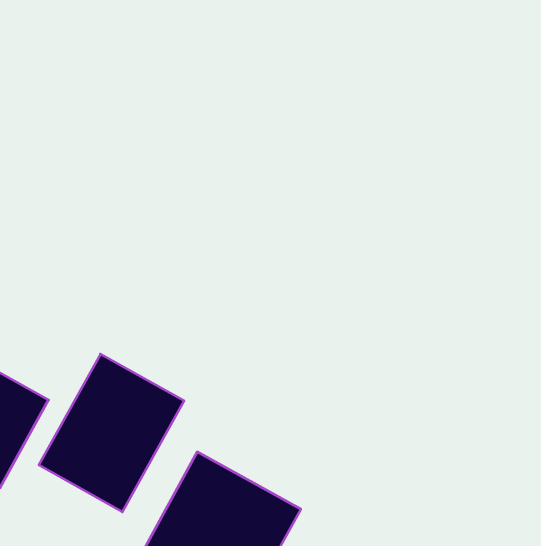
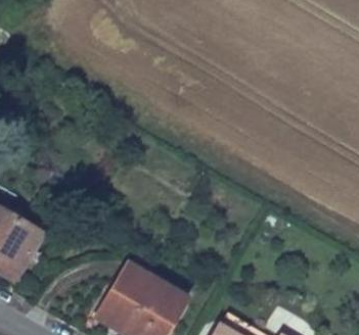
building: [39,354,184,512] -> none

